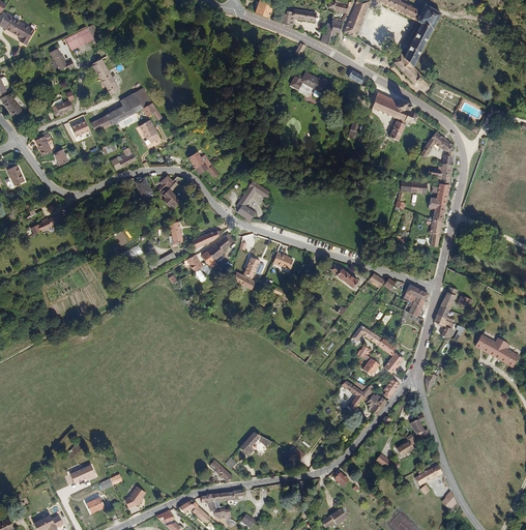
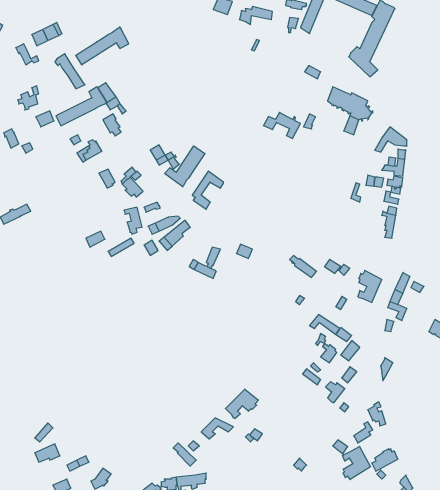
building: none -> [76,27,129,65]
building: [288,71,326,98] -> [263,112,300,139]
building: none -> [165,146,205,187]
building: none -> [225,389,258,419]
building: none -> [343,446,371,480]

